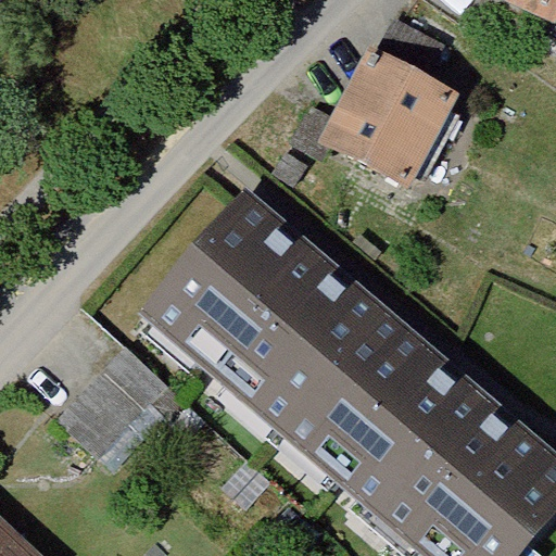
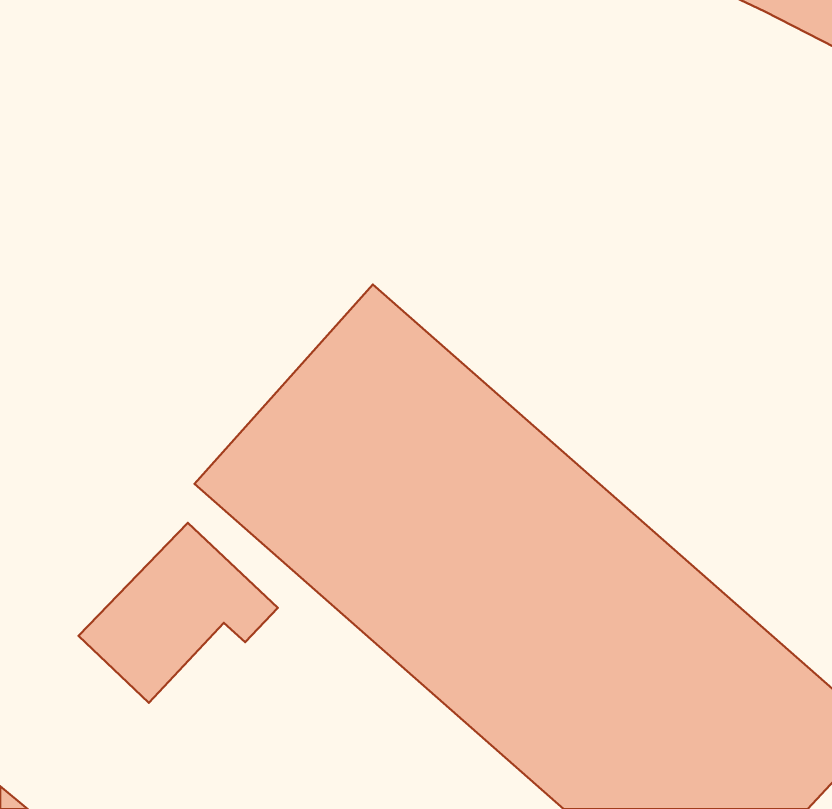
building: [320,18,465,194] -> none

